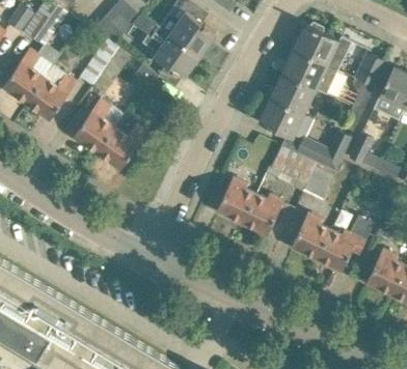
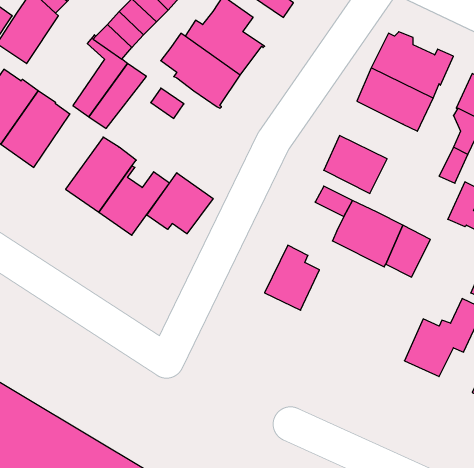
building: [270,74,316,115] -> none
building: none -> [147,173,213,234]
building: [297,140,343,173] -> none
building: [242,195,283,236] -> none
building: [291,214,330,260] -> none

